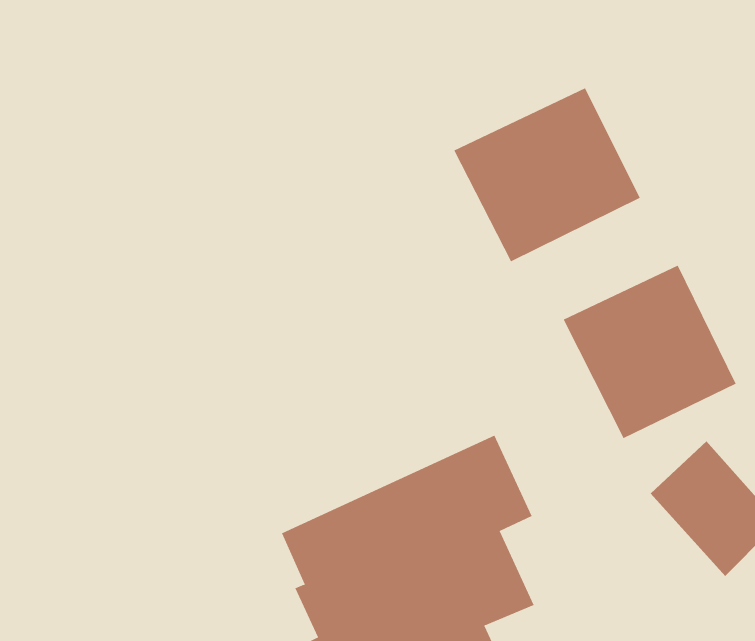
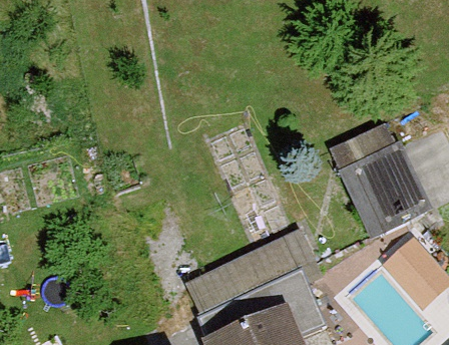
building: [454,87,641,262] -> none

